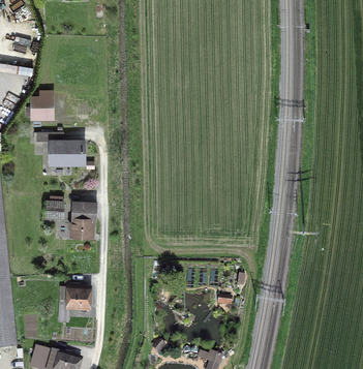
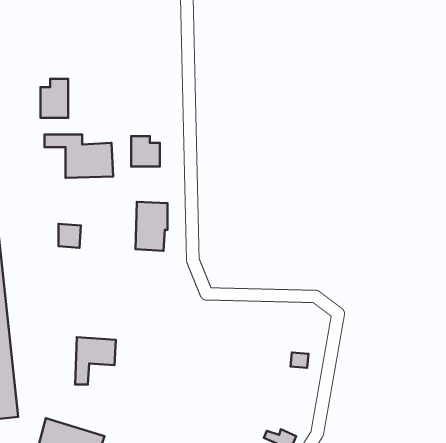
building: none -> [131,136,160,166]
building: [72,202,96,238] -> [135,202,168,251]

